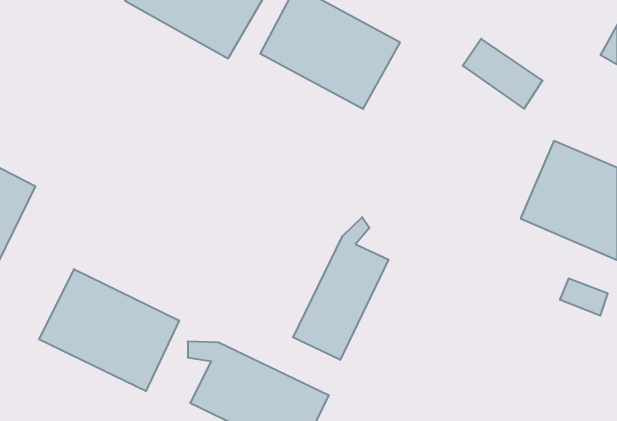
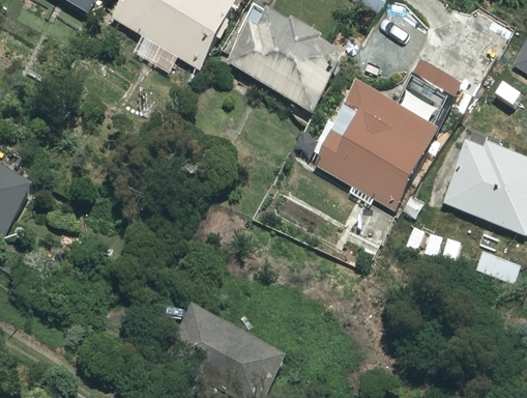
building: none -> [312,85,434,207]
building: [293,217,388,360] -> none
building: [39,269,179,391] -> none

